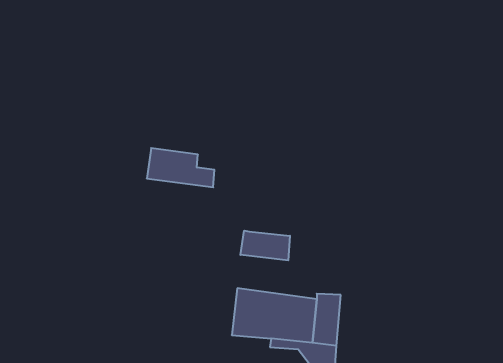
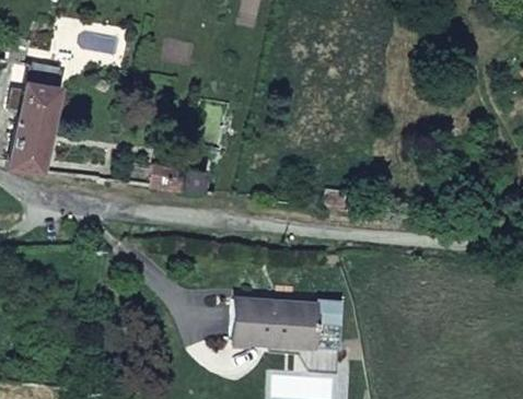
building: none -> [8,66,62,174]
building: [240,231,290,260] -> none

